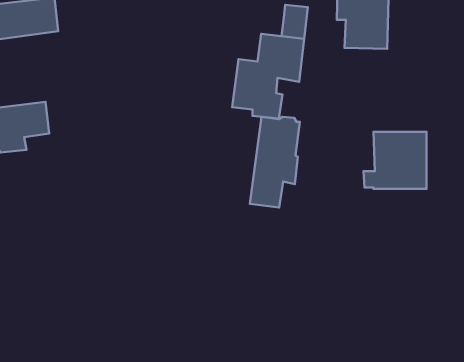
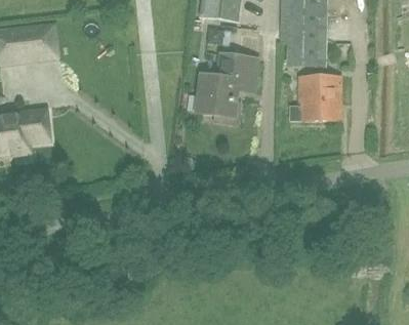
building: [250,117,300,208] -> none
building: [363,132,426,189] -> [290,74,341,120]

